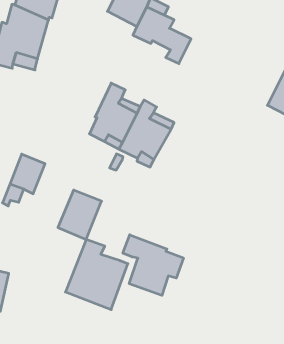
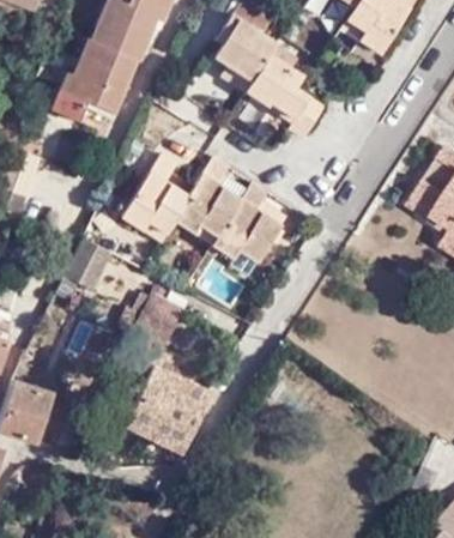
building: none -> [125,158,188,234]
building: [123,235,183,295] -> none

